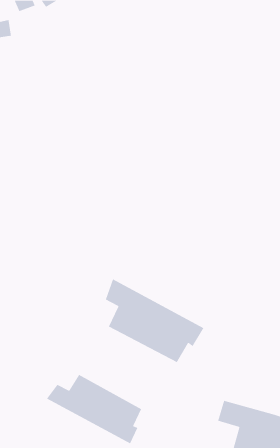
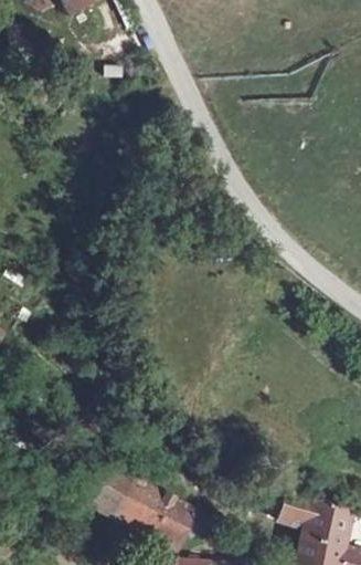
building: [105,278,204,363] -> none

